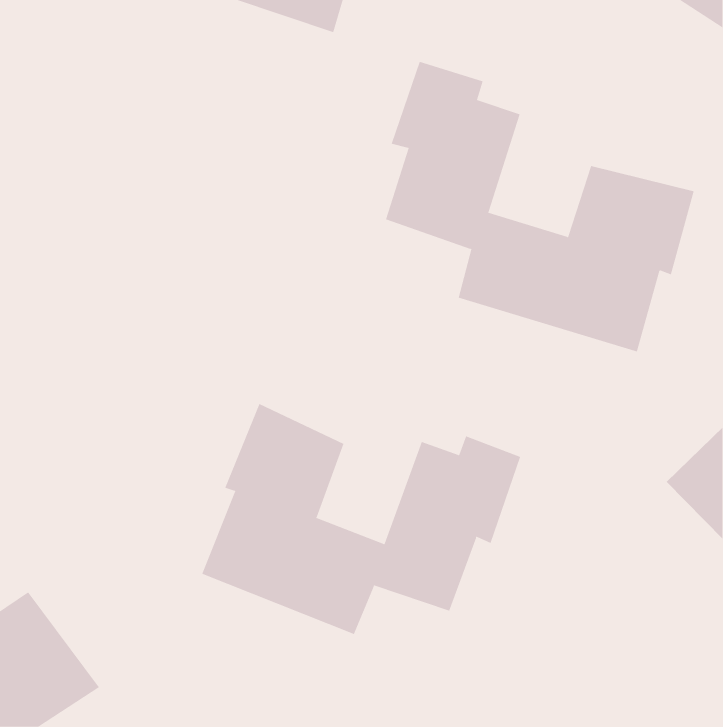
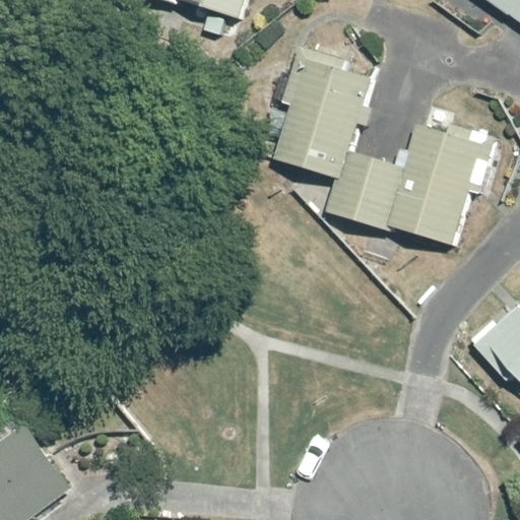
building: [202,403,521,635] -> none

